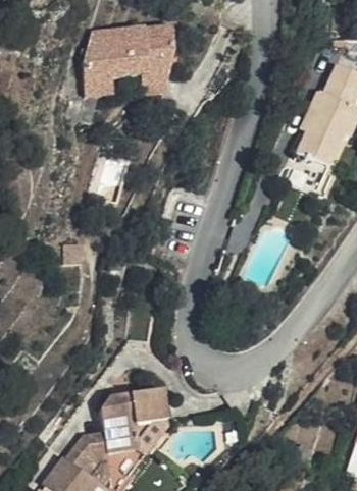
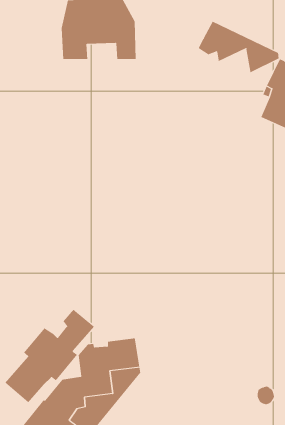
building: none -> [198,21,279,73]
building: none -> [5,309,95,403]

